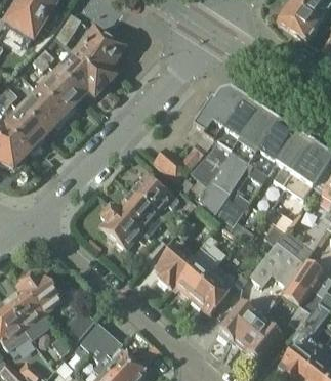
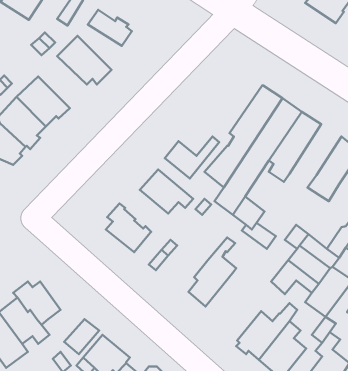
building: [75,41,115,82] -> none
building: [39,70,83,117] -> none
building: [192,87,242,139] -> none
building: [271,131,314,188] -> none
building: [117,190,157,236] -> none
building: [156,241,193,287] -> none
building: [191,264,236,312] -> none

